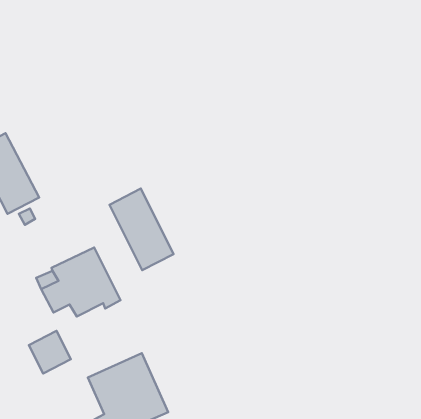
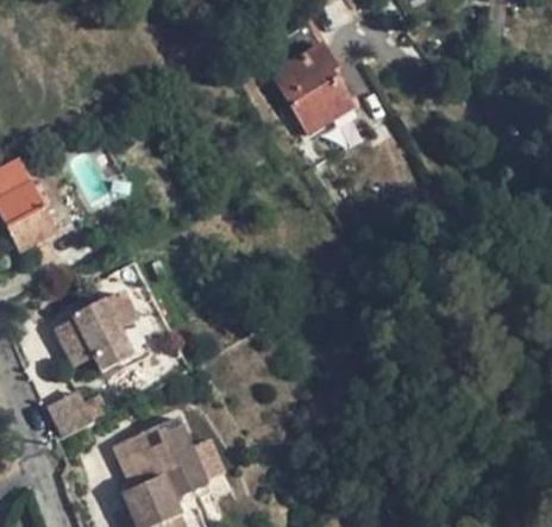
building: none -> [271,44,352,134]
building: [109,189,174,270] -> none

